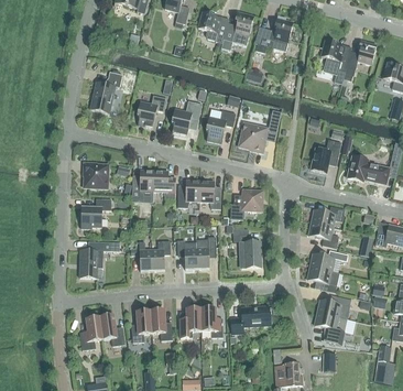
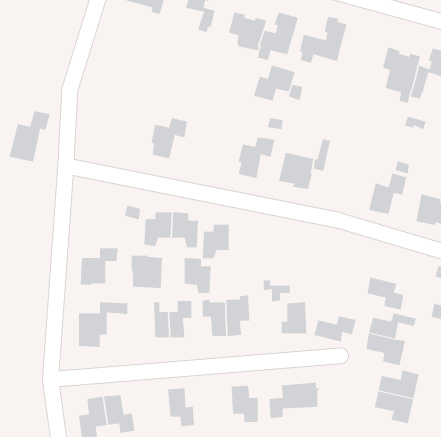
building: none -> [253,65,296,101]
building: [89,72,122,112] -> [9,111,50,162]
building: [171,100,202,135] -> none
building: [83,162,108,188] -> [131,255,163,288]
building: [199,180,221,208] -> [184,257,211,294]
building: [233,189,262,210] -> none
building: [311,206,345,227] -> [314,316,357,342]
building: [179,308,202,338] -> none
building: [131,311,152,341] -> none

